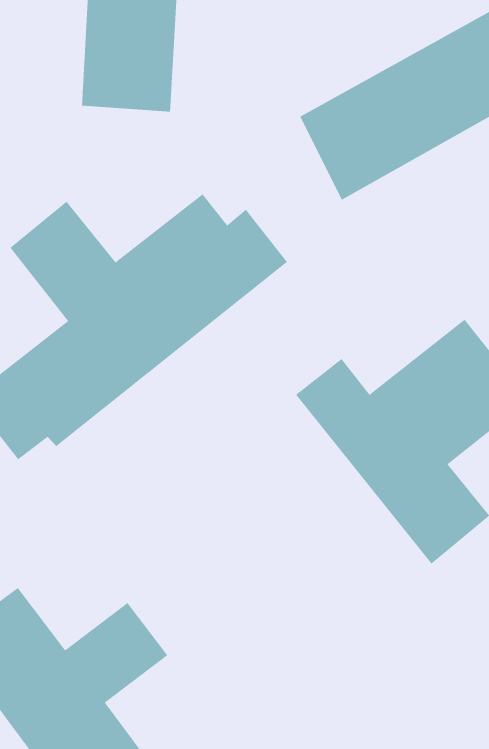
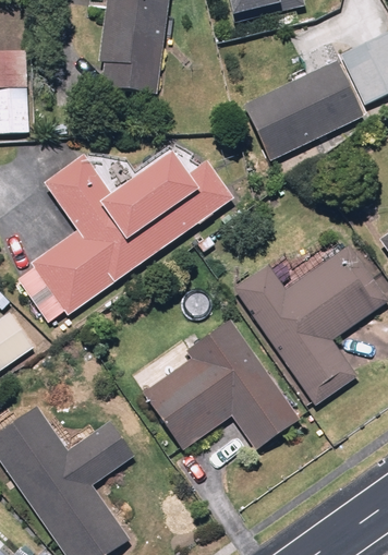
building: none -> [140,321,300,453]

